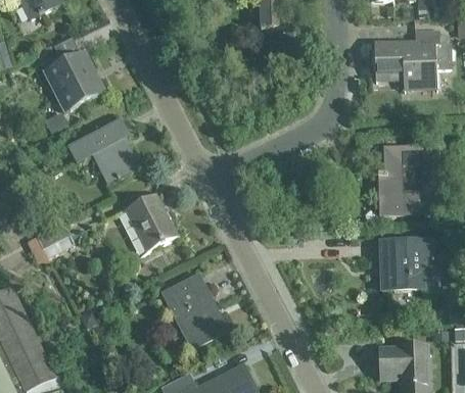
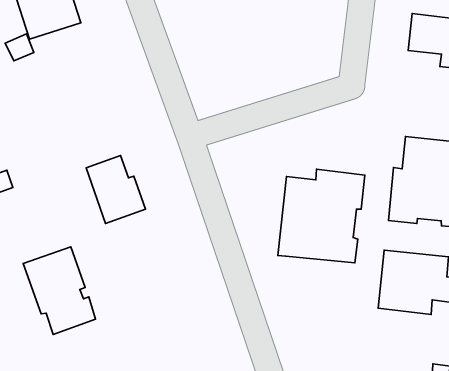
building: [69,119,140,183] -> none
building: none -> [278,169,365,263]
building: [164,275,229,348] -> [23,247,95,334]

